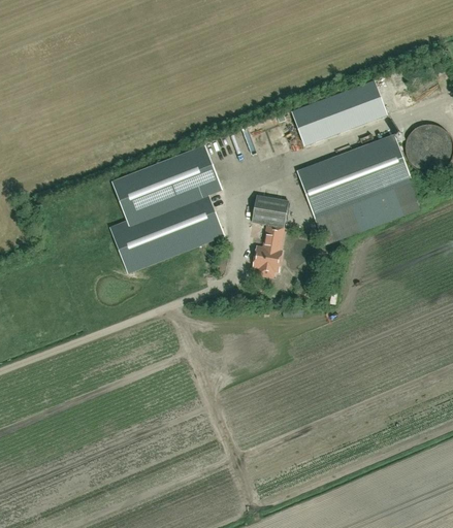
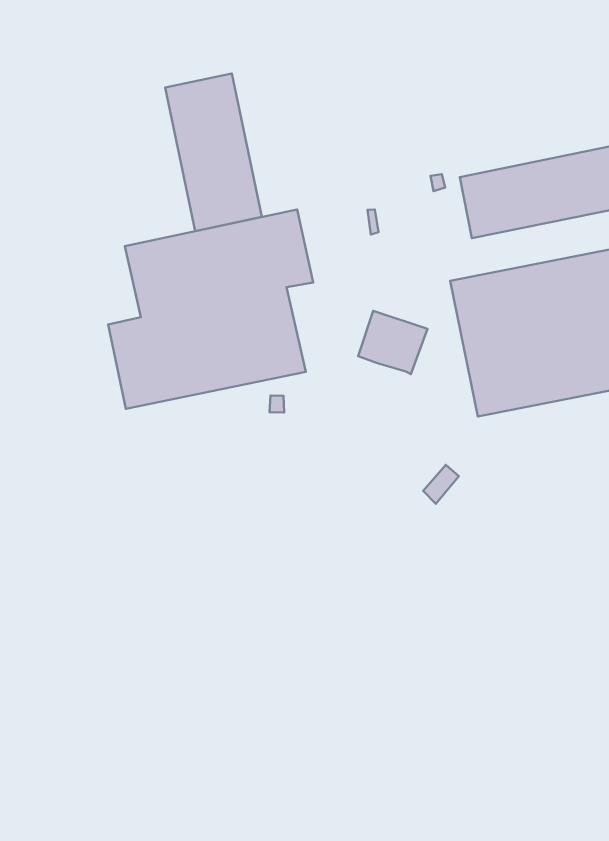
building: none -> [165,73,262,231]
building: [253,225,283,276] -> none

